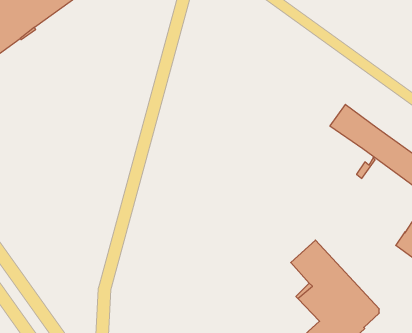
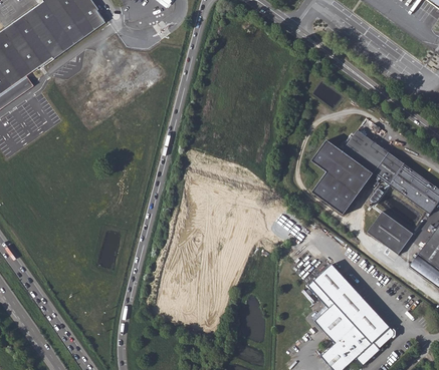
building: none -> [314,140,376,214]
building: none -> [366,212,412,256]

